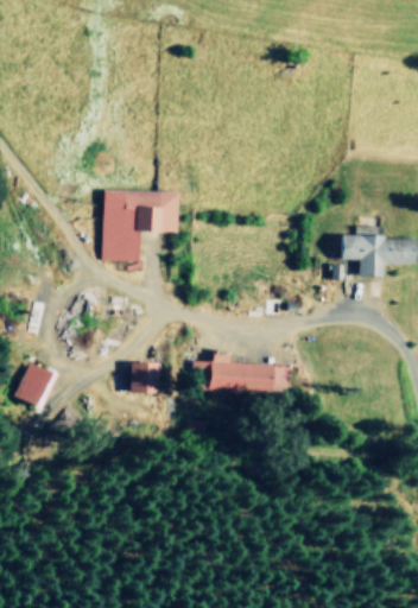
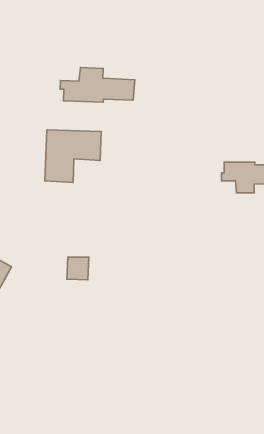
building: none -> [60,68,135,102]
building: [207,353,287,397] -> none

